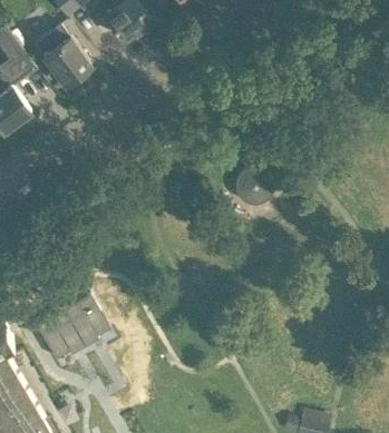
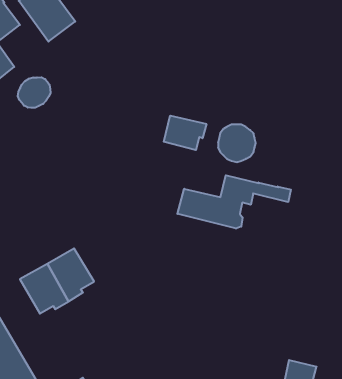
building: none -> [18,77,51,108]
building: none -> [164,116,206,150]
building: none -> [177,175,291,229]

